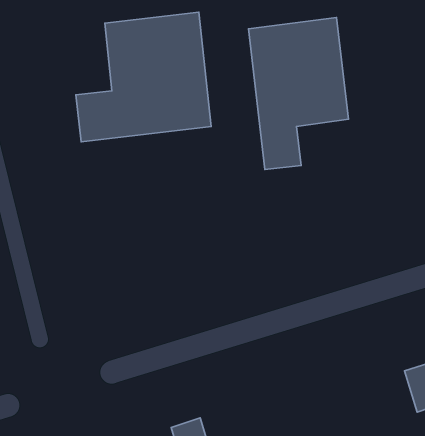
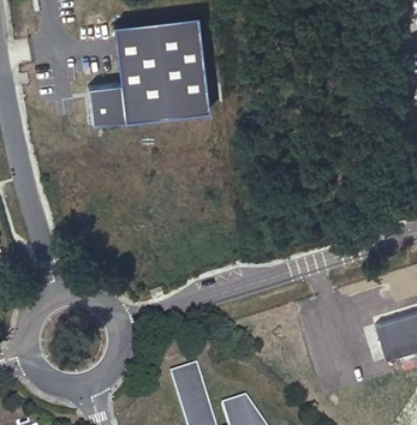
building: [248,17,348,170] -> none

